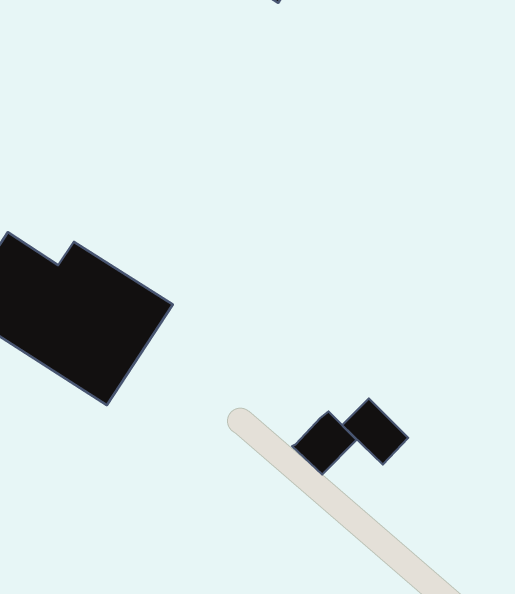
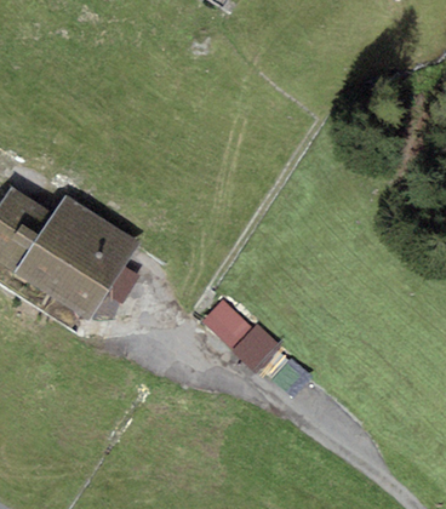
building: [342,398,408,465] -> [202,299,253,350]

